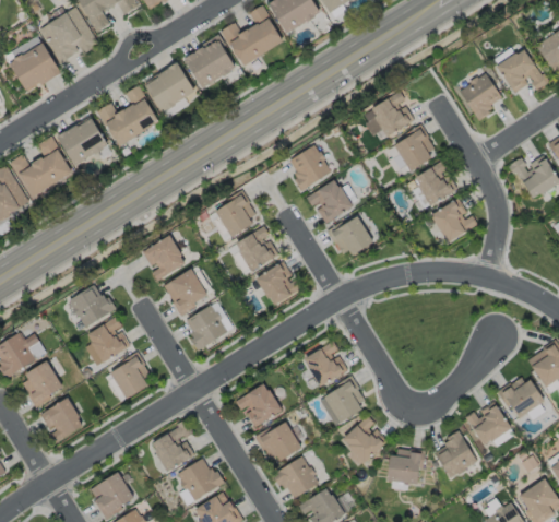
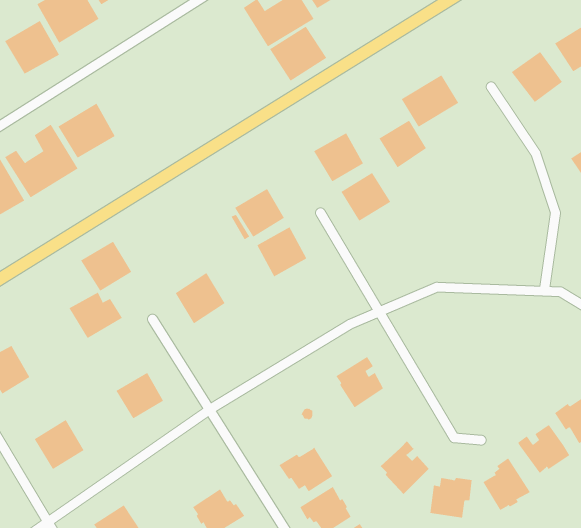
building: [185,41,236,91] -> [269,26,327,81]
building: [145,64,197,114] -> none
building: [97,88,160,150] -> none
building: [391,129,433,171] -> [379,120,427,168]
building: [413,159,459,203] -> none
building: [430,197,475,241] -> none
building: [329,216,371,258] -> none
building: [139,235,185,280] -> [80,241,132,292]
building: [254,261,299,306] -> none
building: [182,300,231,347] -> none
building: [86,317,130,360] -> none
building: [17,360,61,404] -> none
building: [323,381,364,424] -> none
building: [235,384,282,428] -> none
building: [152,420,194,473] -> none

